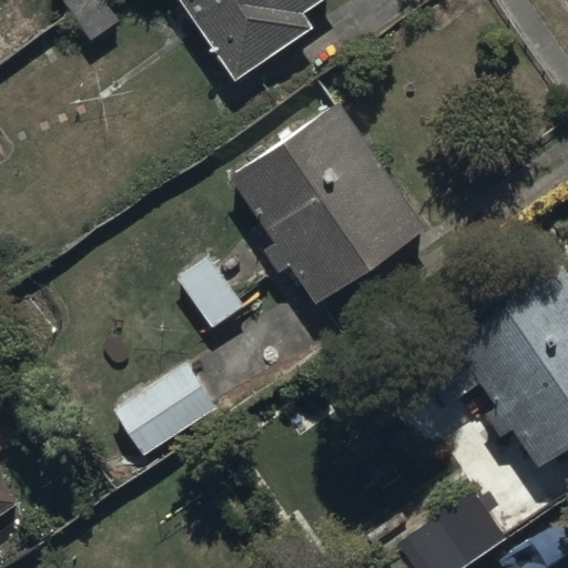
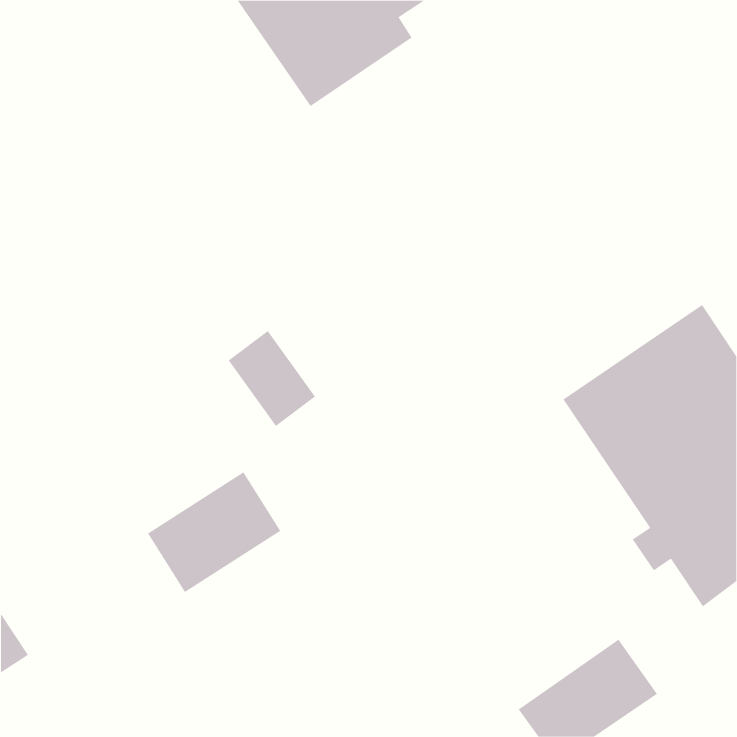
building: [230,103,425,304] -> none

